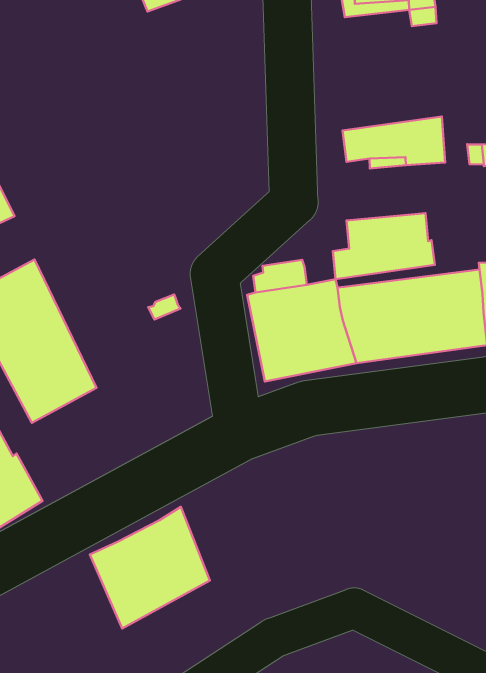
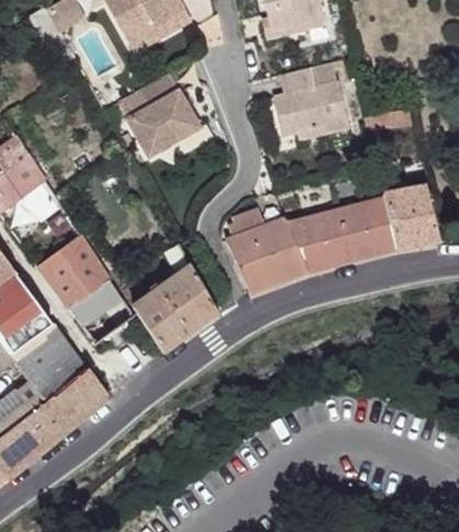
building: none -> [119,73,200,156]
building: [333,213,435,279] -> [272,64,343,116]
building: [90,507,210,629] -> [133,263,216,351]

